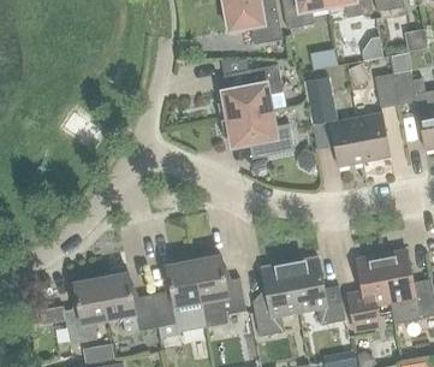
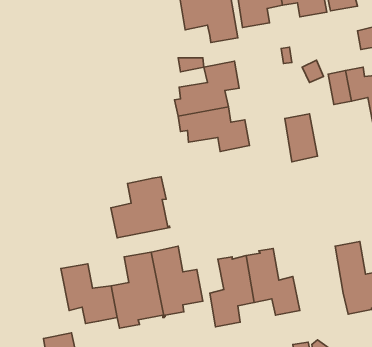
building: [303,76,337,124] -> none
building: [355,112,390,161] -> none
building: none -> [111,177,170,238]
building: [347,254,390,330] -> none
building: [63,277,108,344] -> none

